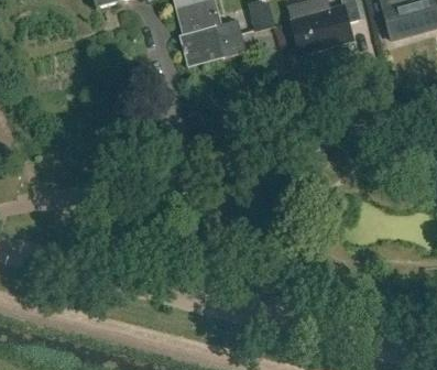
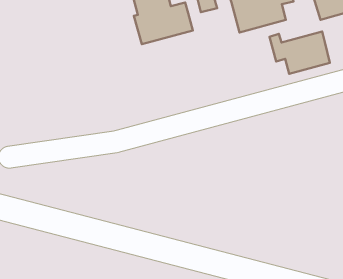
building: none -> [269,31,330,74]

